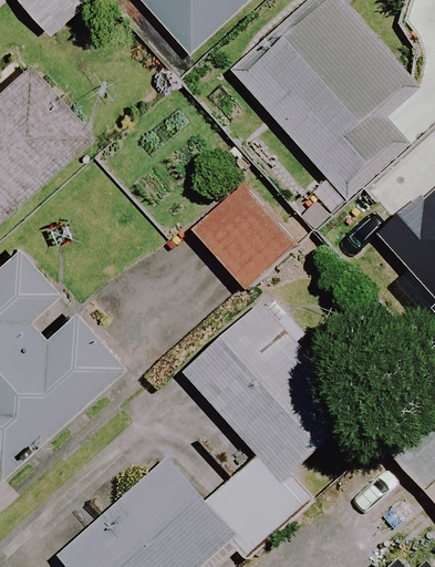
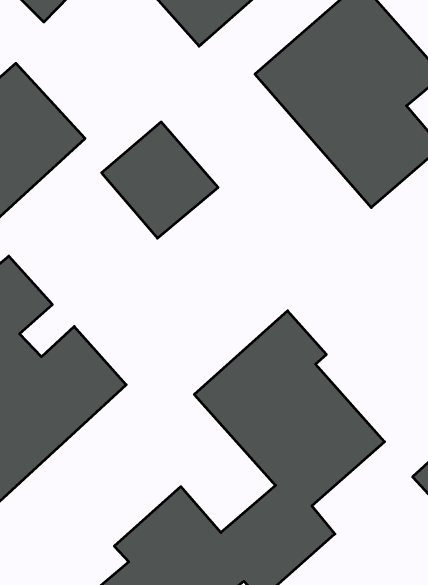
building: [191,183,298,289] -> [102,122,218,238]

